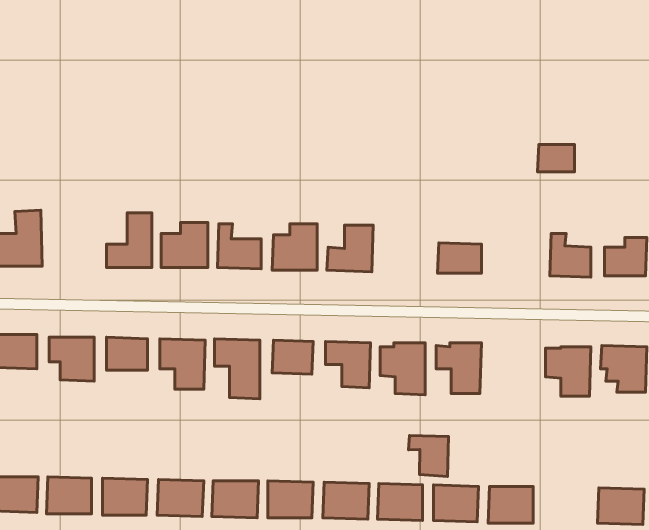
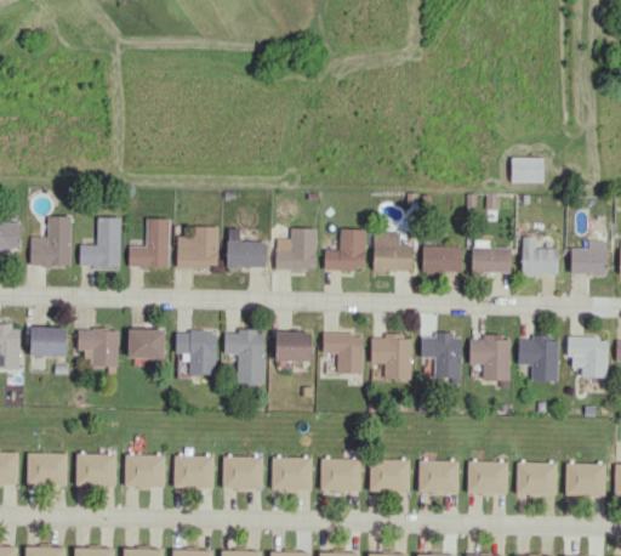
building: none -> [80,217,120,267]
building: none -> [374,232,412,272]
building: none -> [472,240,511,273]
building: none -> [468,336,509,381]
building: [408,435,449,476] -> none
building: none -> [515,461,556,494]

